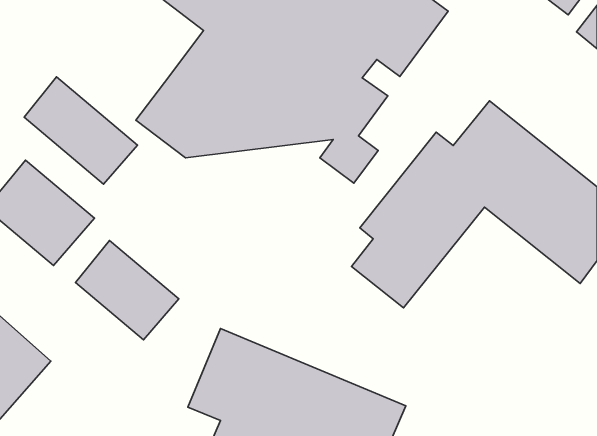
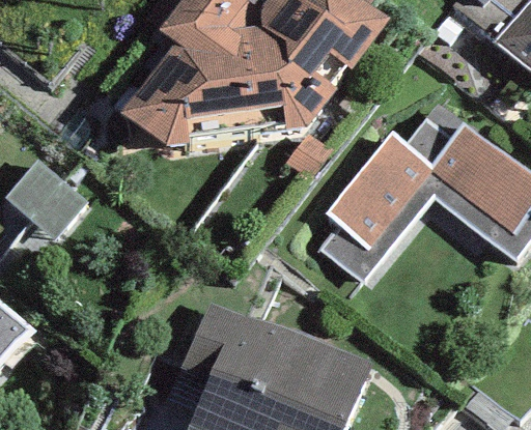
building: [24,77,137,184] -> none
building: [76,241,179,340] -> none

